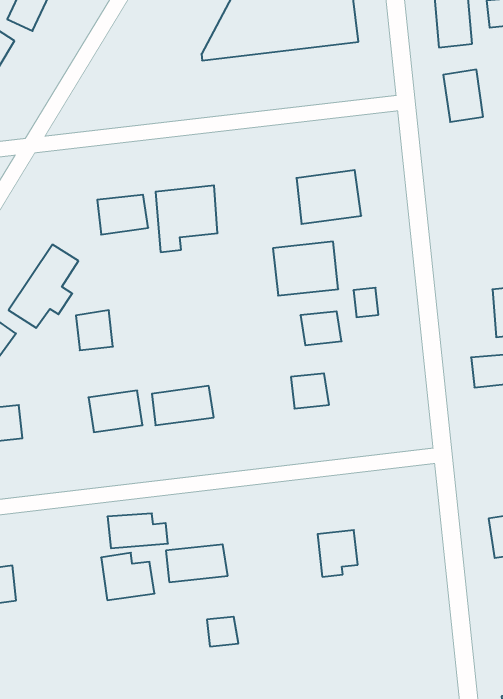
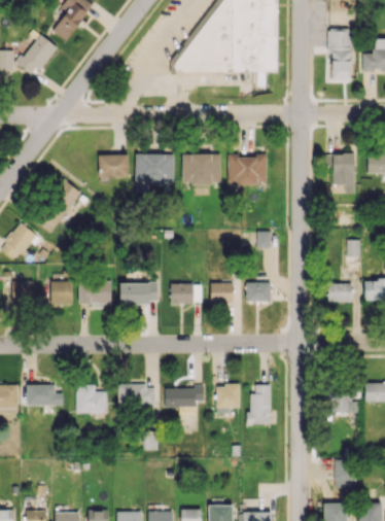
building: [443,70,483,122] -> [332,153,355,185]
building: [273,242,338,296] -> [182,153,221,184]
building: [76,310,113,350] -> [51,280,73,304]
building: [300,311,342,345] -> [246,282,271,302]
building: none -> [171,283,195,304]
building: [107,513,168,548] -> [27,384,64,406]
building: none -> [247,385,272,424]
building: none -> [165,387,204,407]

